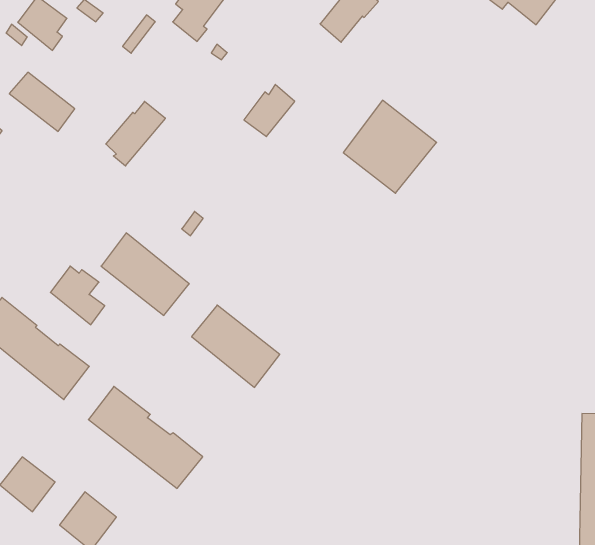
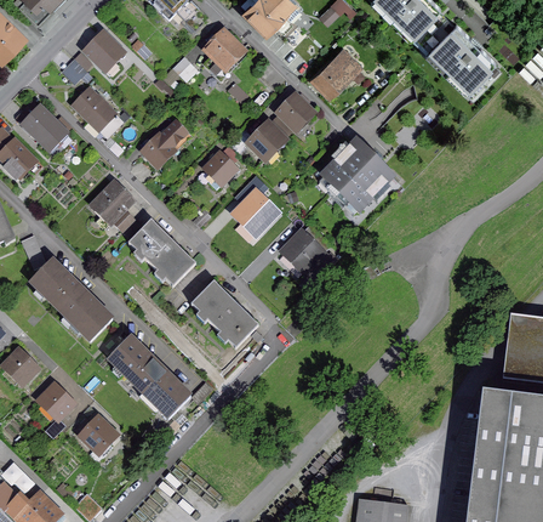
building: none -> [276,96,311,134]
building: none -> [205,151,239,185]
building: none -> [244,187,275,237]
building: none -> [285,223,332,272]
building: [50,266,105,325] -> [95,186,135,232]

